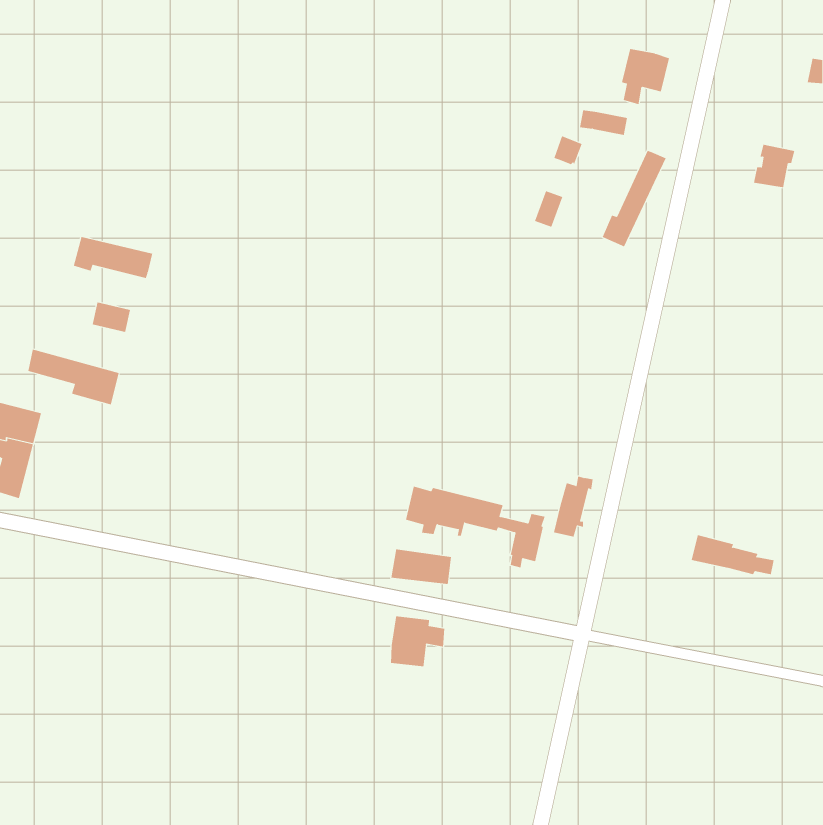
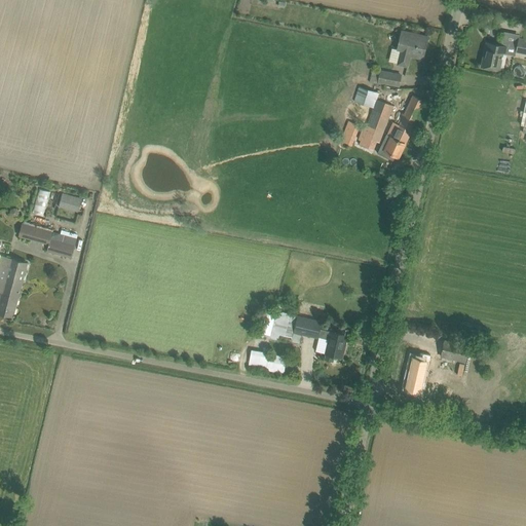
building: [753,144,795,188] -> [480,42,506,70]
building: none -> [362,100,391,143]
building: [73,236,153,279] -> none
building: [553,476,594,537] -> [403,351,428,390]
building: [390,616,445,667] -> none

